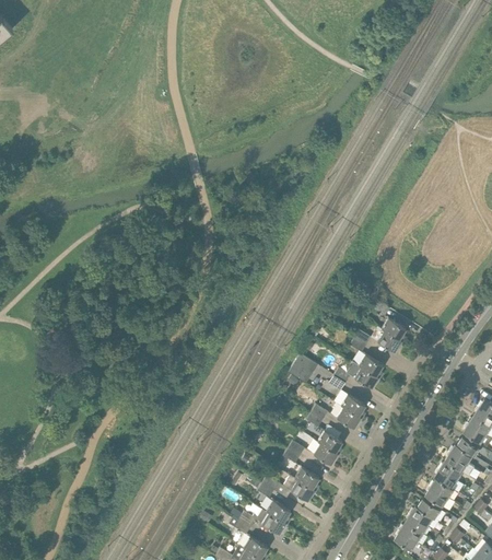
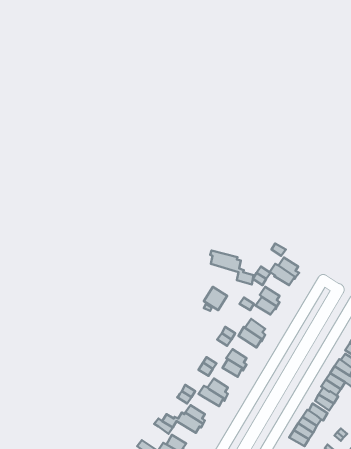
building: none -> [210,251,254,285]

